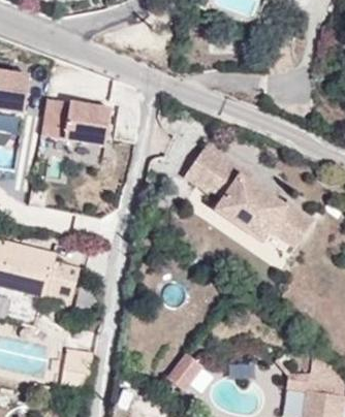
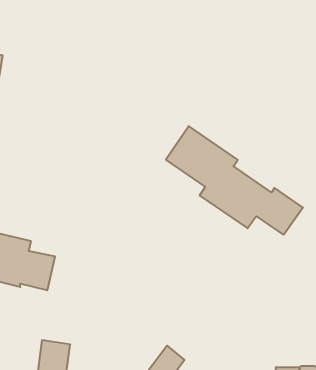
building: [40,99,111,147] -> none

